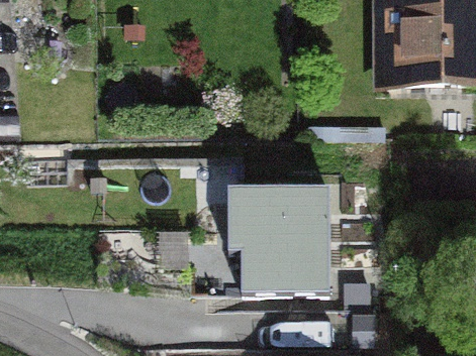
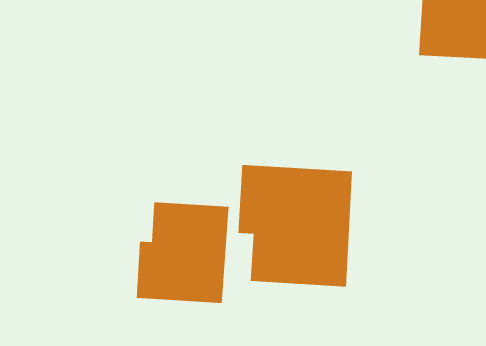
building: none -> [136,202,229,304]

